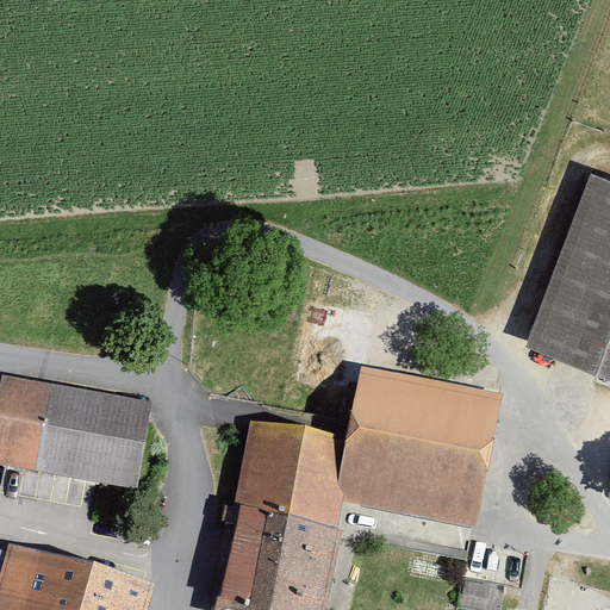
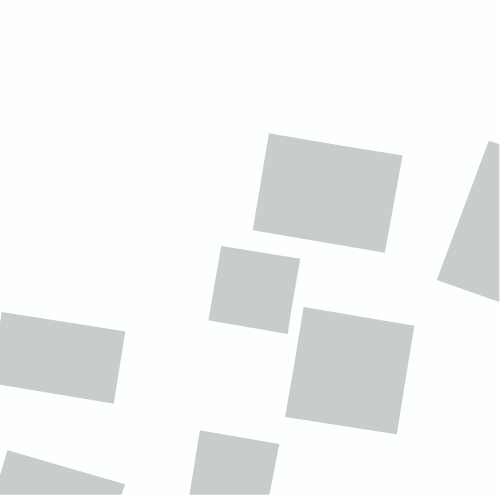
building: none -> [252,133,403,254]
building: [241,429,354,536] -> [208,246,301,334]

